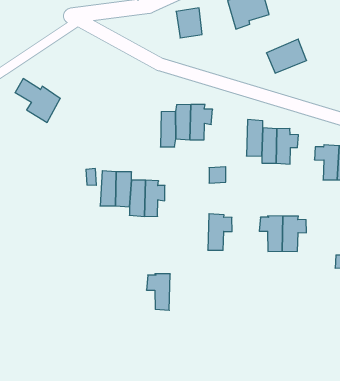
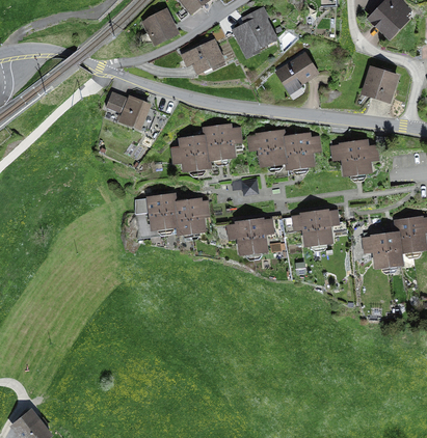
building: [15,79,60,122] -> [107,93,148,129]
building: none -> [174,138,196,170]
building: none -> [251,133,273,166]
building: [146,274,170,310] -> [229,221,252,254]

